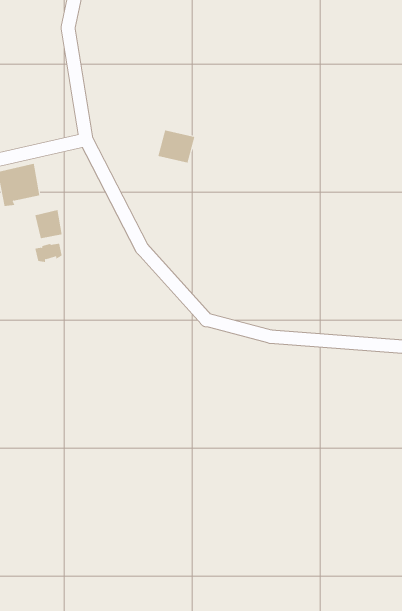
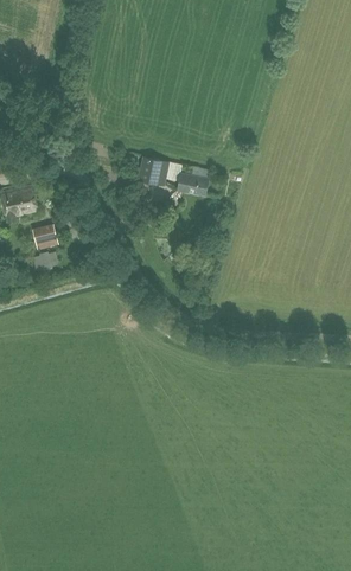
building: none -> [177,166,209,194]

